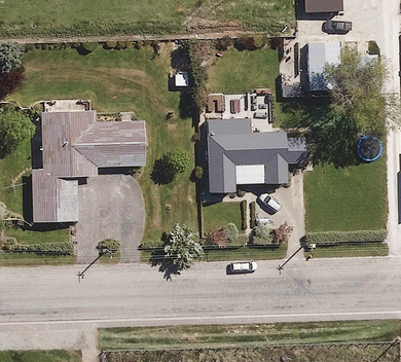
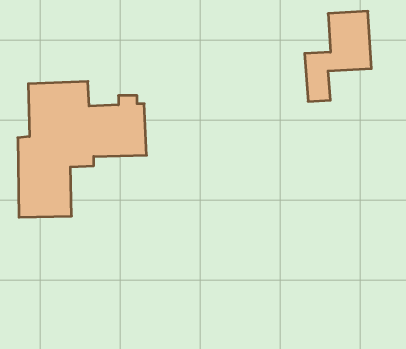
building: [205,118,288,192] -> none

